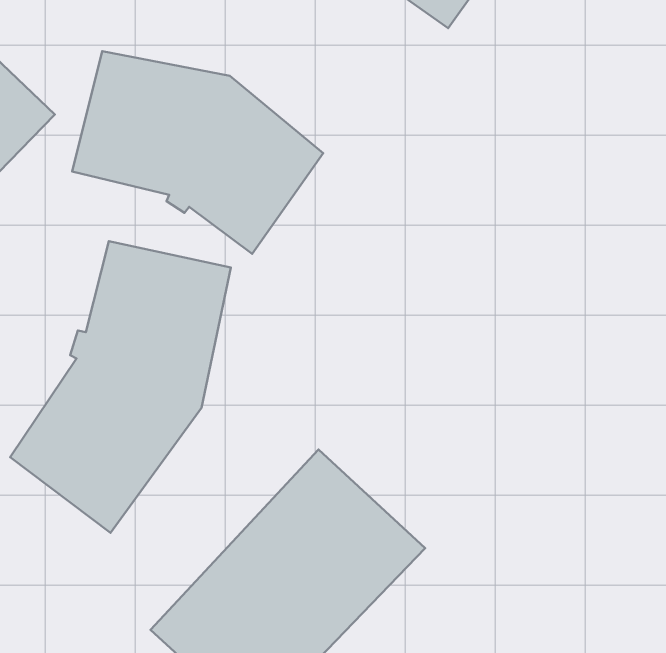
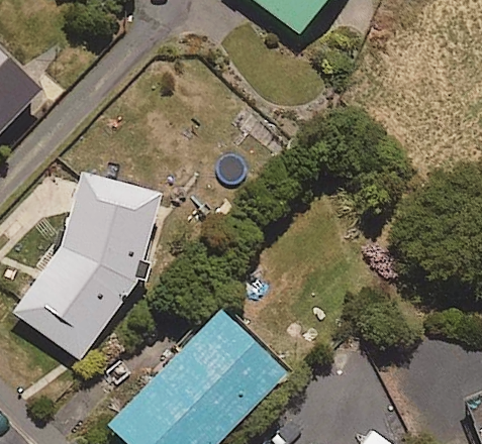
building: [72,51,323,254] -> none

